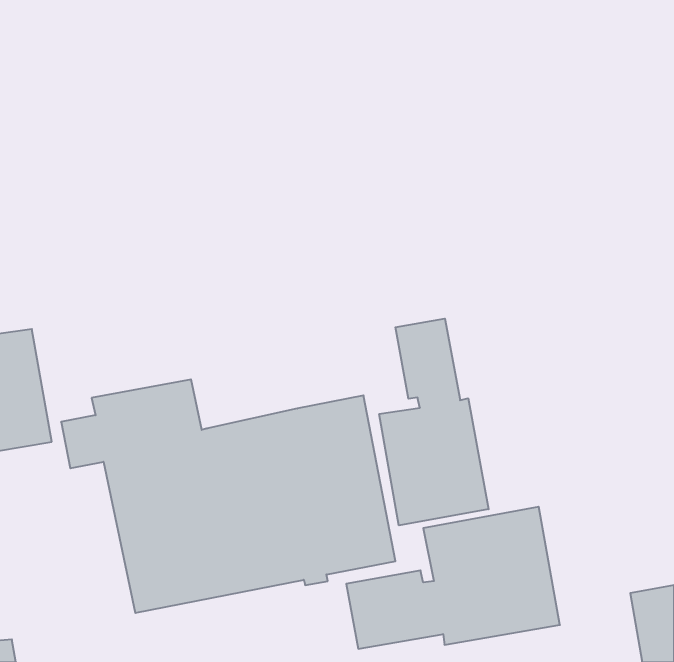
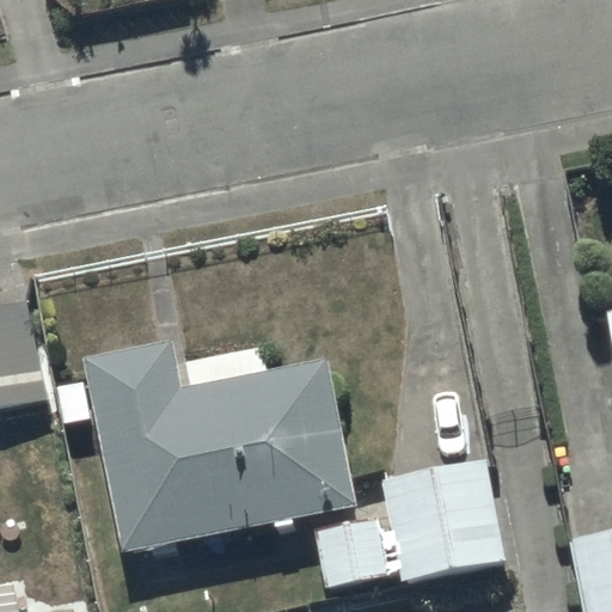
building: [379,319,489,525] -> none

